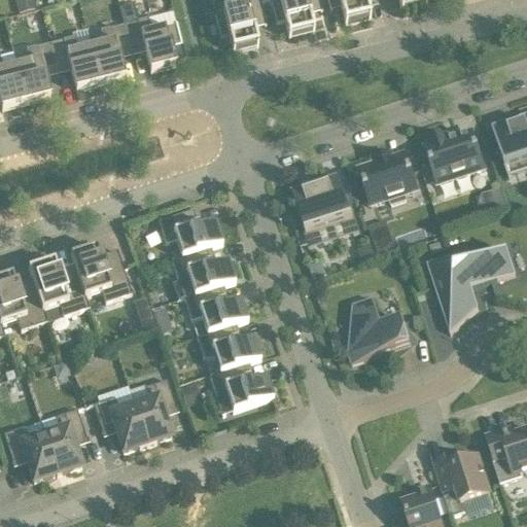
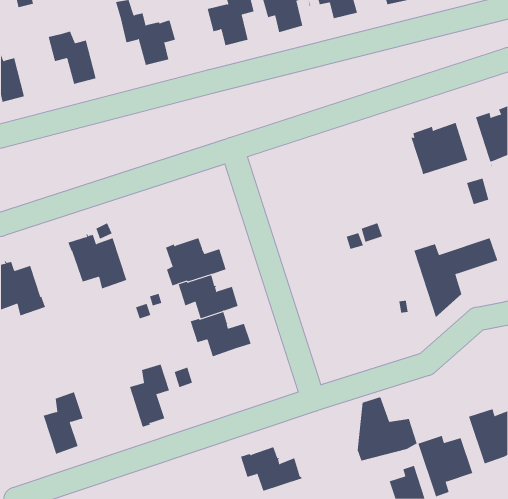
building: [90,20,132,81] -> none
building: [15,38,58,100] -> none
building: [358,149,418,202] -> none
building: [292,171,353,230] -> none
building: [159,206,222,254] -> none
building: [28,256,90,313] -> none
building: [348,294,411,361] -> [357,397,418,461]
building: [209,361,274,408] -> [240,447,303,491]
building: [93,394,147,449] -> none
building: [4,423,58,479] -> none

